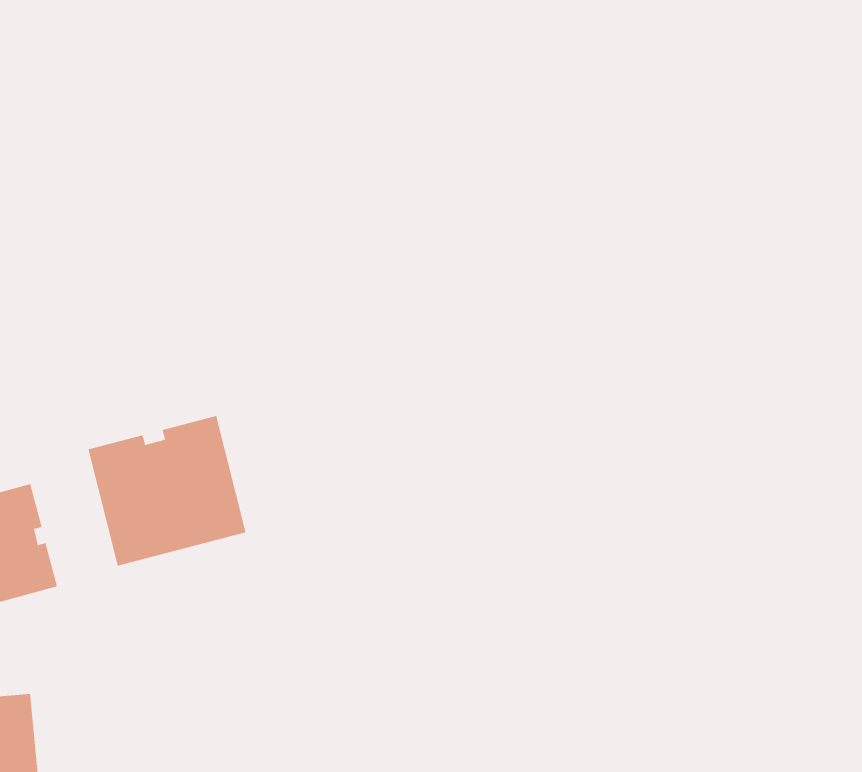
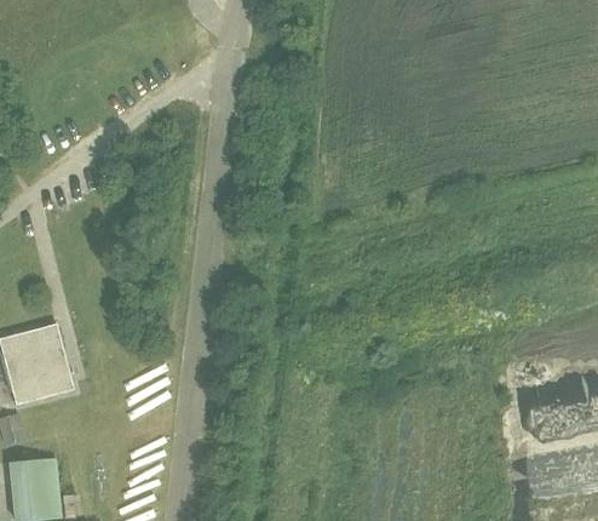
building: [88,415,246,567] -> none

